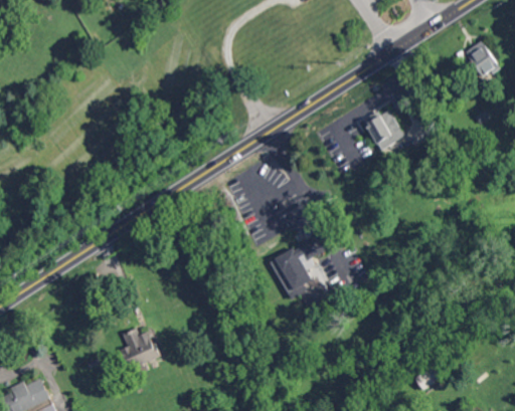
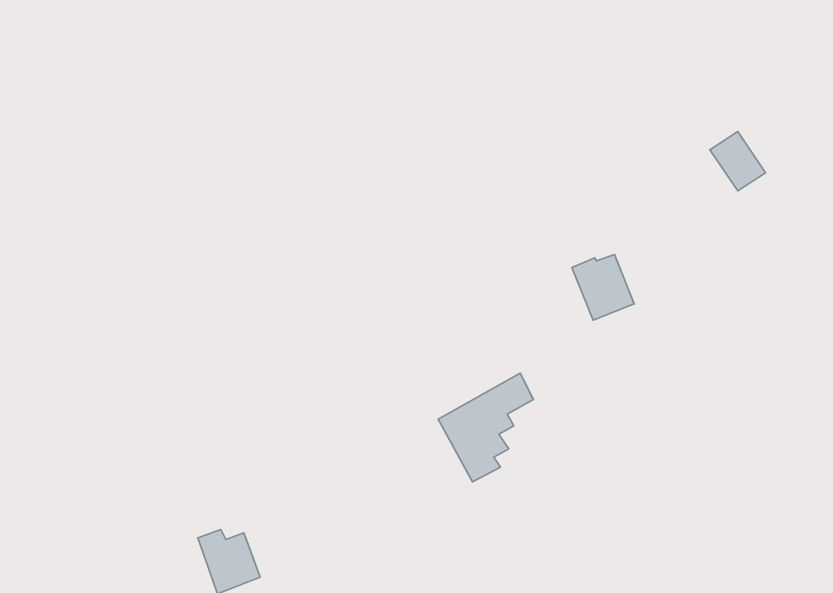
building: [465,41,499,77] -> [710,132,766,191]
building: [365,110,403,150] -> [572,254,634,320]

